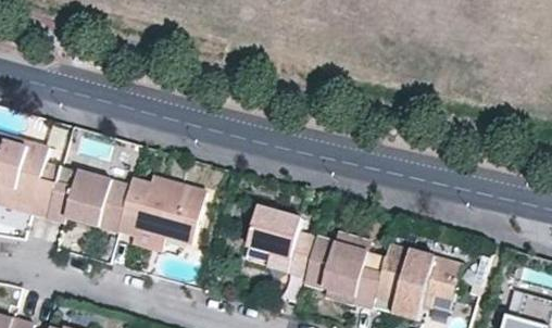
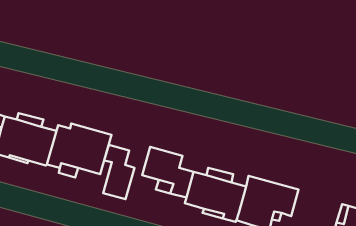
building: none -> [103,145,135,199]

